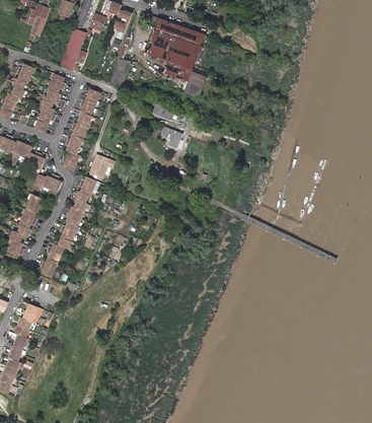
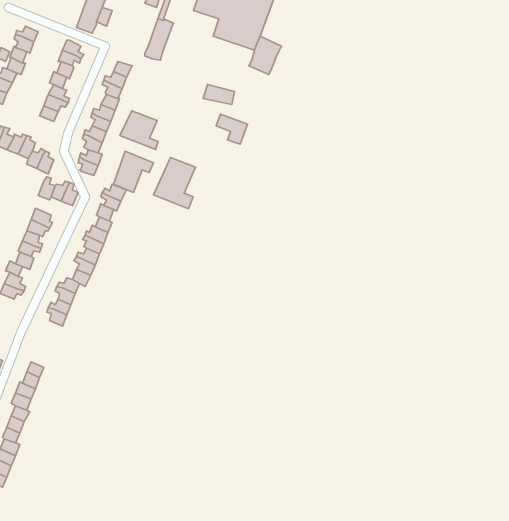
building: none -> [120,111,158,150]
building: none -> [153,158,195,209]

